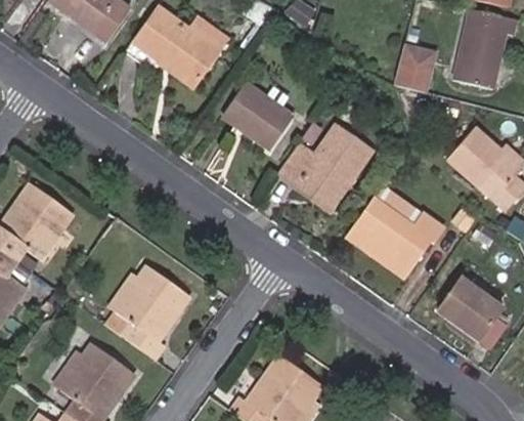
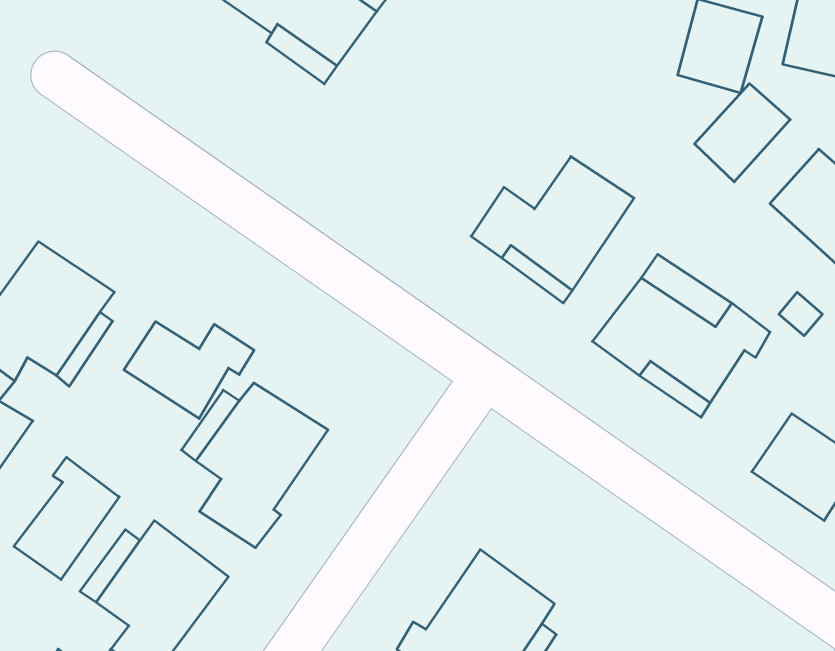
building: [219,84,288,150] -> none
building: none -> [695,84,790,182]
building: none -> [124,322,254,419]
building: none -> [14,457,119,580]

